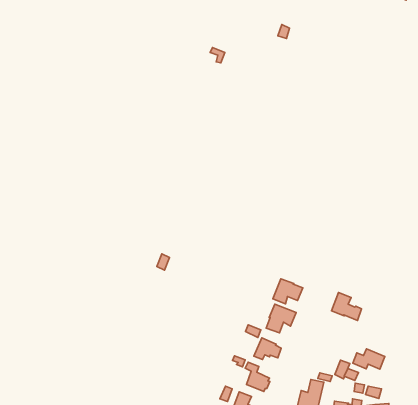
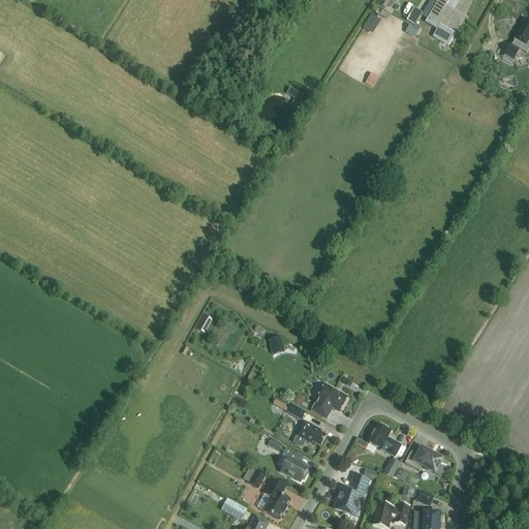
building: [273,279,303,304] -> none
building: [332,293,362,320] -> [367,423,401,457]

